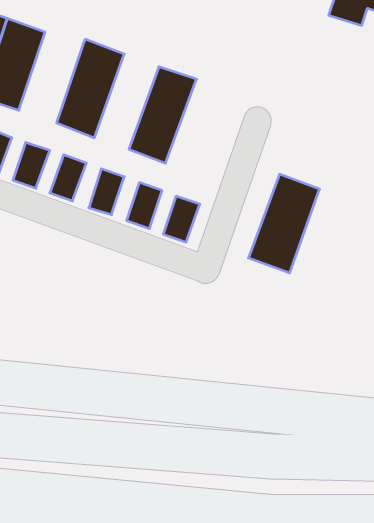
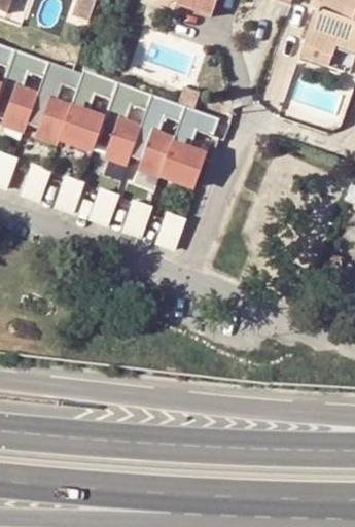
building: none -> [26,63,83,144]
building: none -> [94,82,151,168]
building: [248,174,320,273] -> [157,105,221,194]

